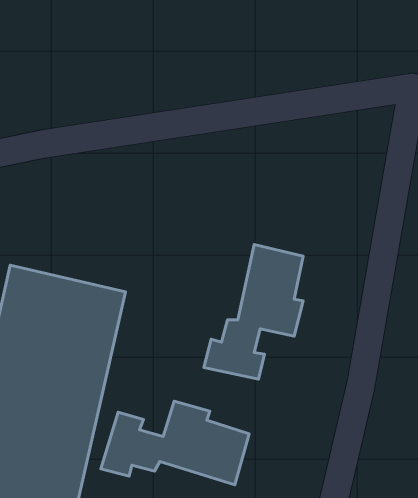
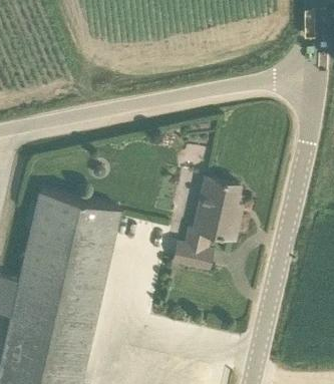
building: [101,401,249,485] -> none

